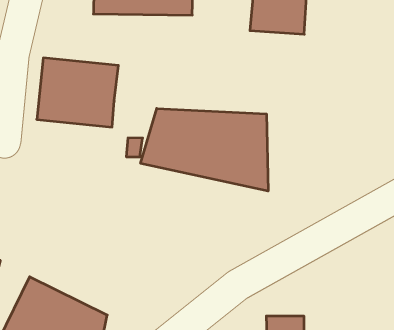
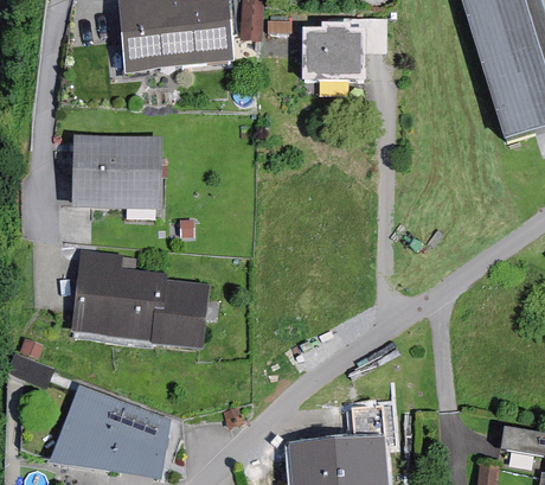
building: [141,108,268,191] -> none
building: none -> [76,250,206,345]

